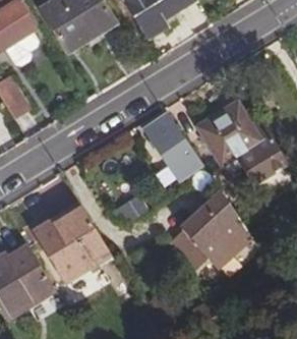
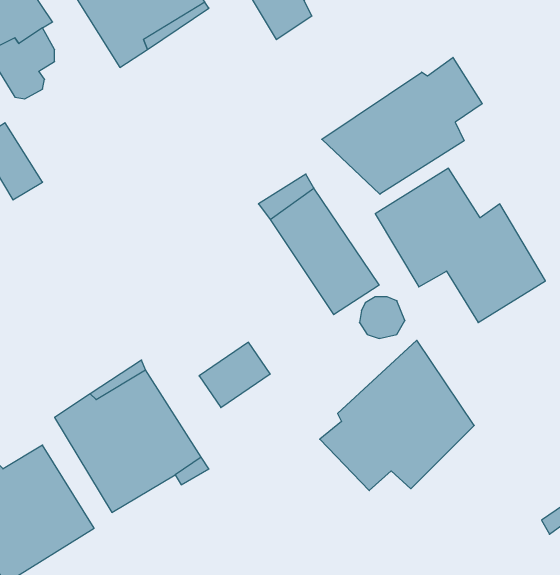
building: none -> [322,57,482,194]

